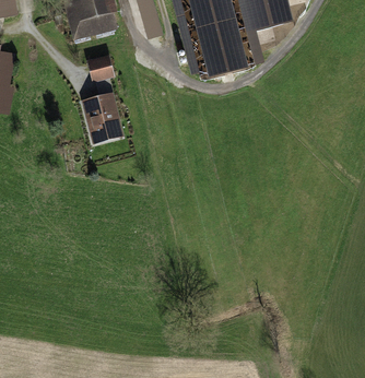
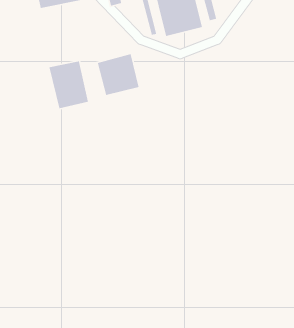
building: [87,54,115,79] -> none
building: none -> [97,53,139,96]

